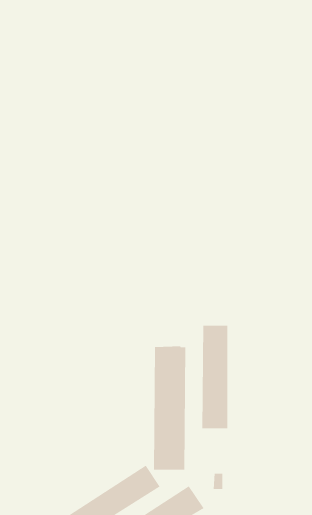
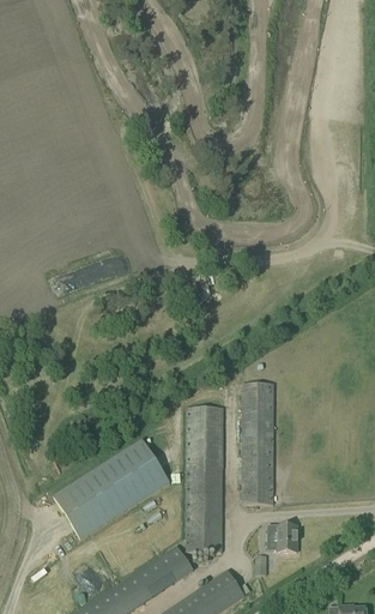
building: none -> [52,440,169,540]
building: none -> [267,525,296,552]

